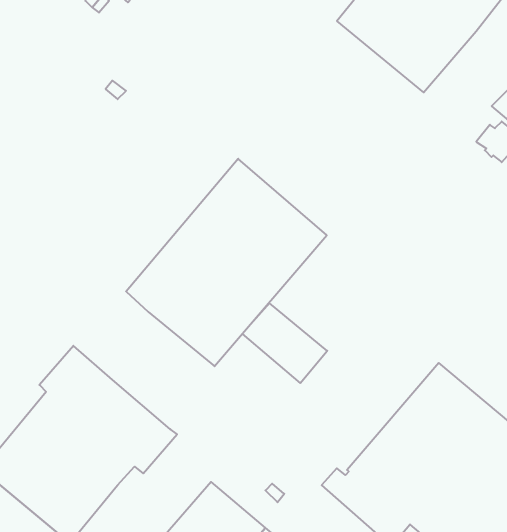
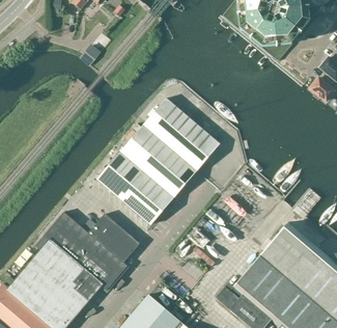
building: [242,303,327,383] -> [89,214,141,263]

